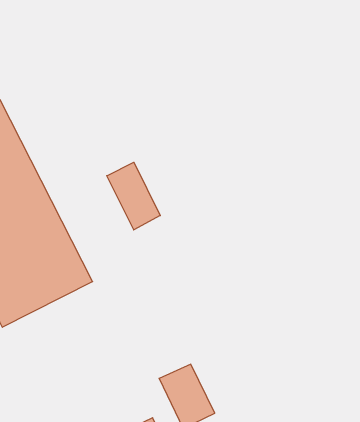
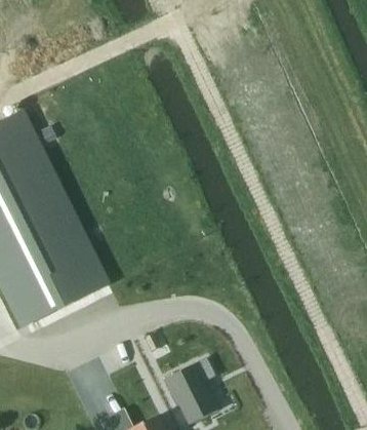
building: [107,162,160,230] -> none

